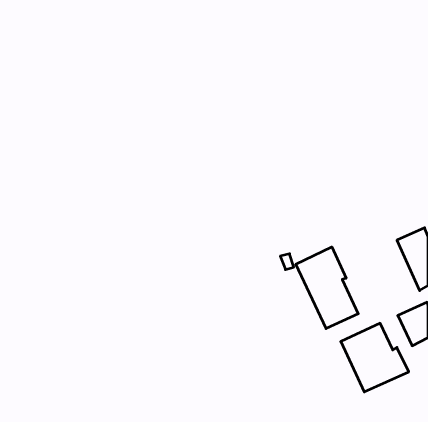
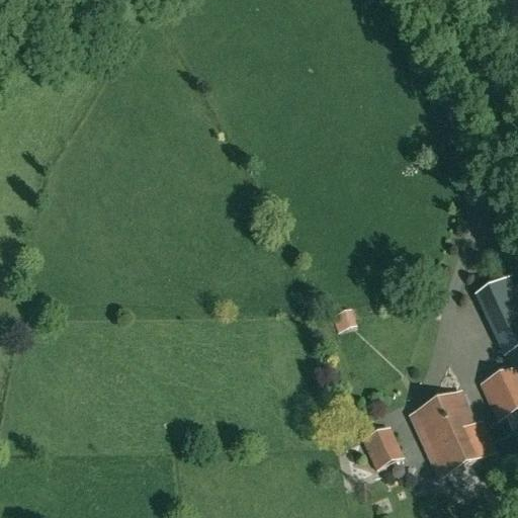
building: [296,247,358,329] -> none
building: none -> [362,425,402,466]

